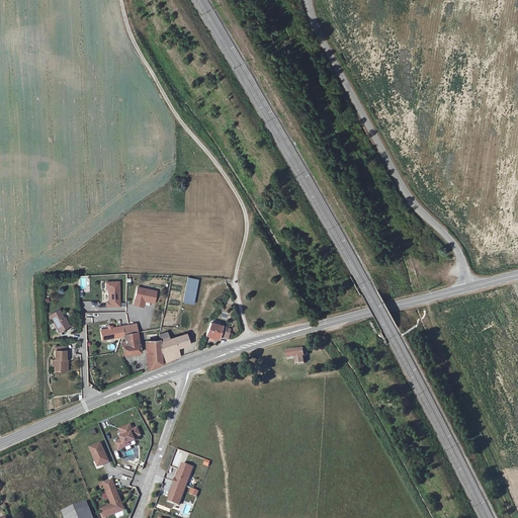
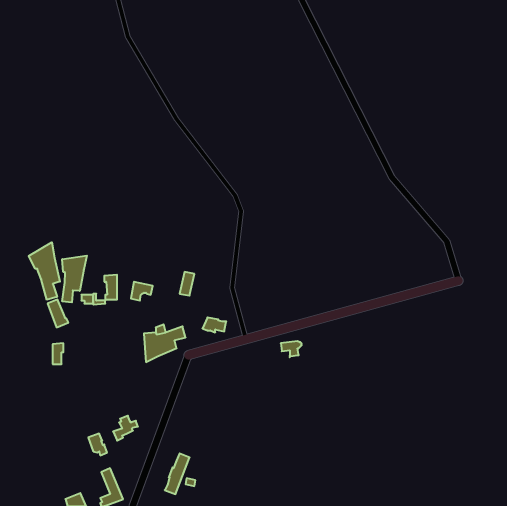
building: none -> [29,242,60,300]
building: none -> [62,256,87,302]
building: [104,323,141,354] -> none

